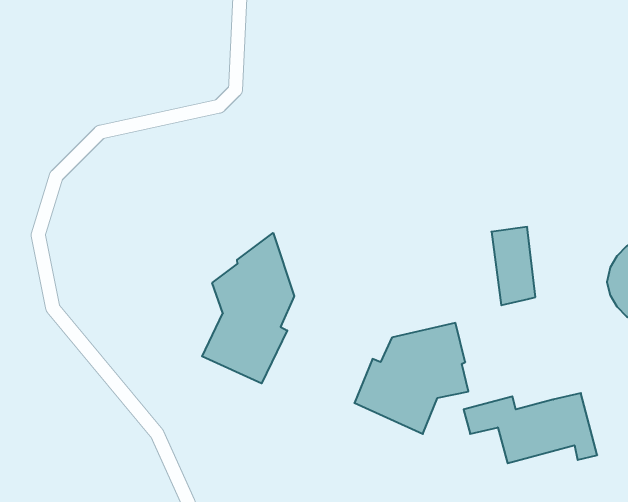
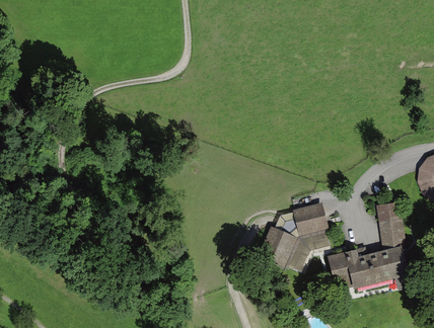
building: [491,227,535,305] -> [377,201,405,250]
building: [202,233,294,383] -> none

